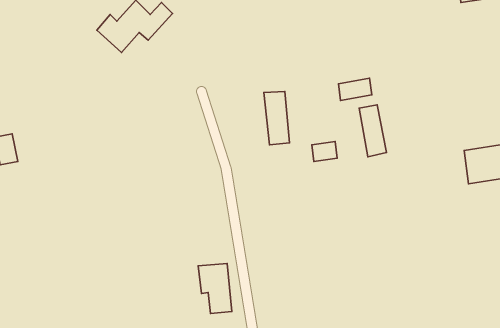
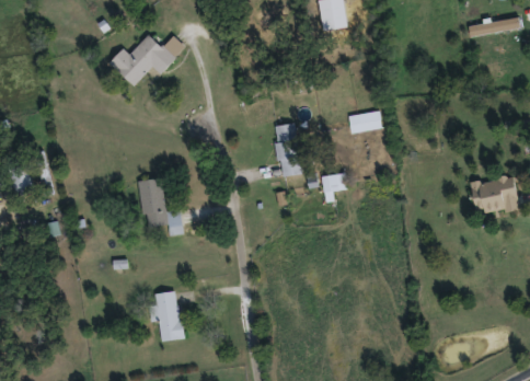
building: [359,105,387,157] -> none
building: none -> [139,178,183,235]
building: [198,263,232,314] -> [150,292,183,342]

